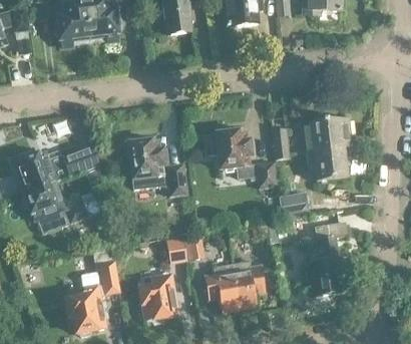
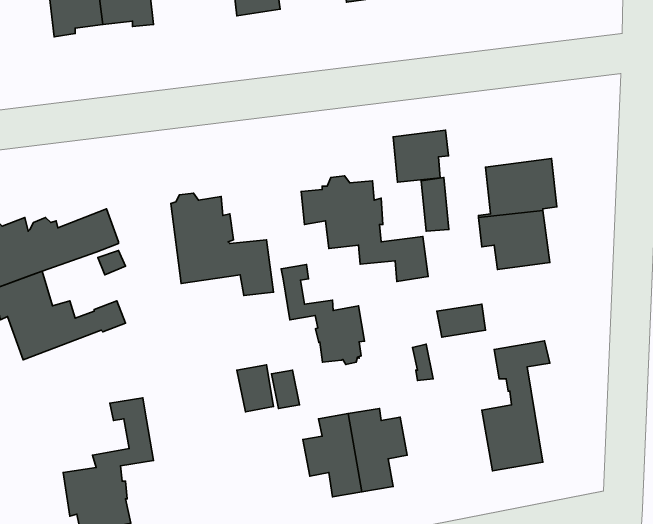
building: none -> [393,130,448,182]
building: none -> [281,264,365,364]
building: [140,274,177,322] -> none

